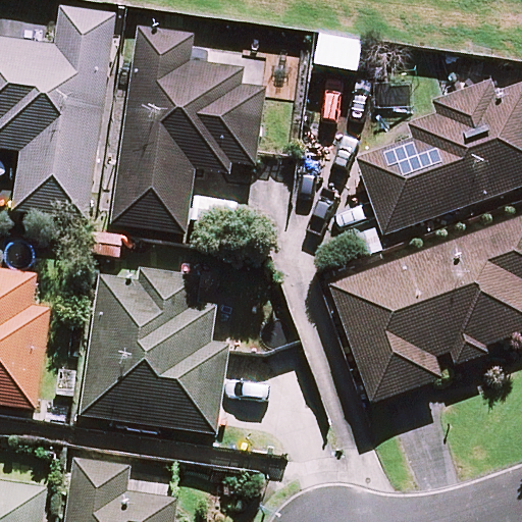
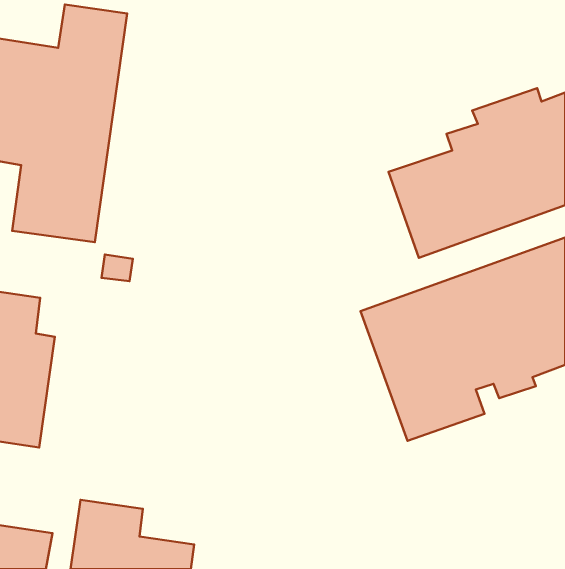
building: [110,25,265,234] -> none
building: [80,268,229,433] -> none

